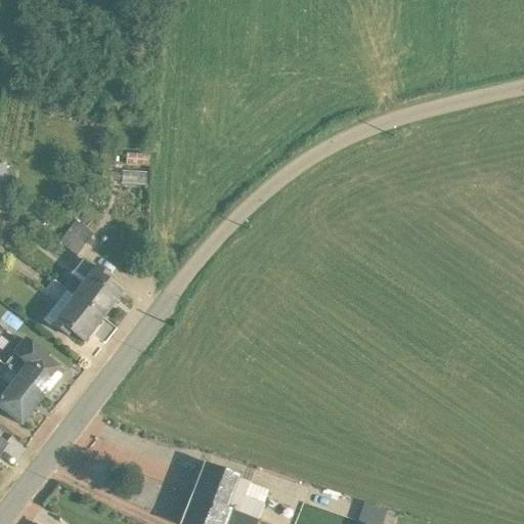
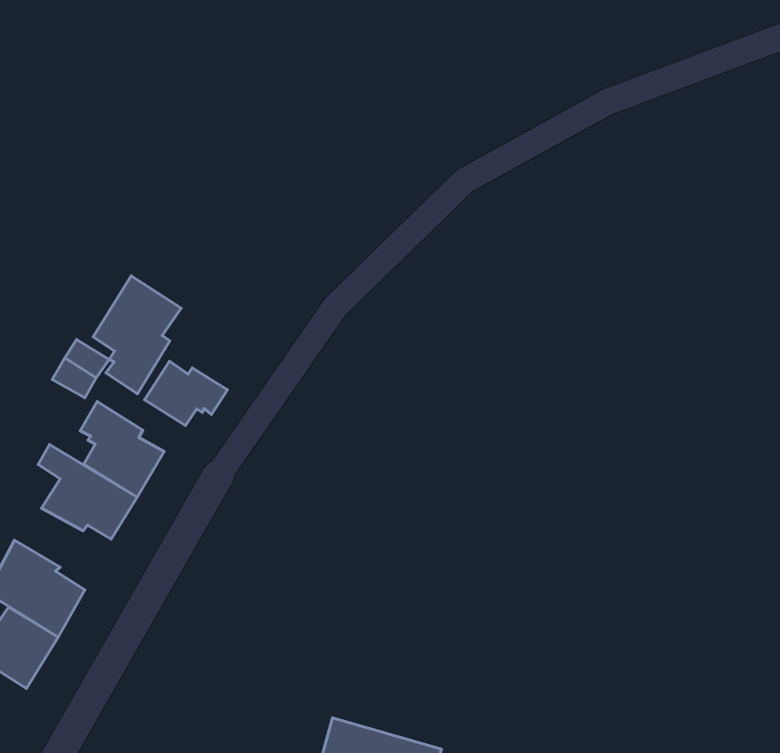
building: none -> [93,276,181,394]
building: none -> [145,361,228,425]

